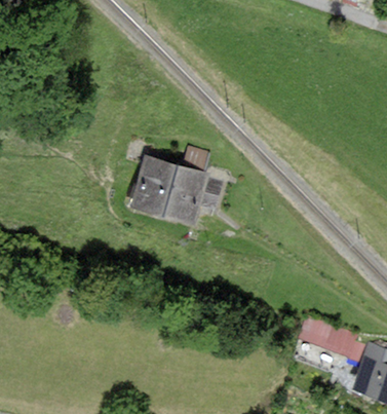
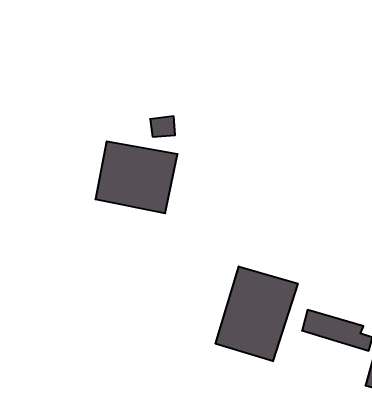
building: none -> [216,266,298,361]

